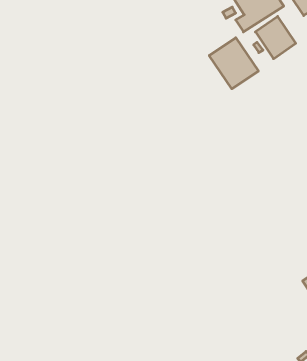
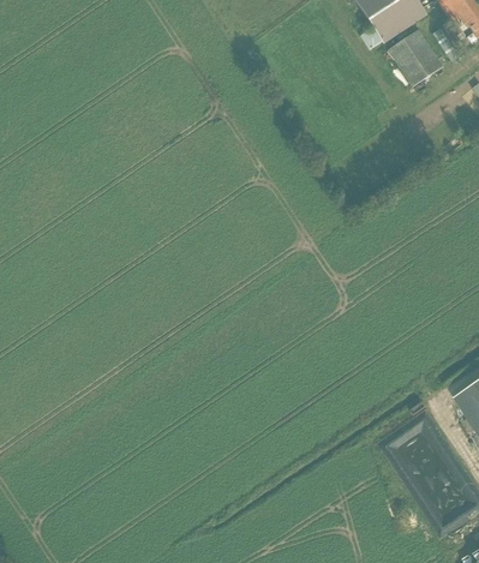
building: [209,38,258,89] -> none

